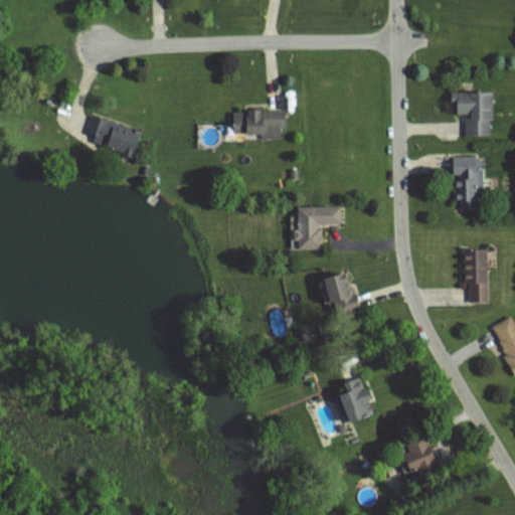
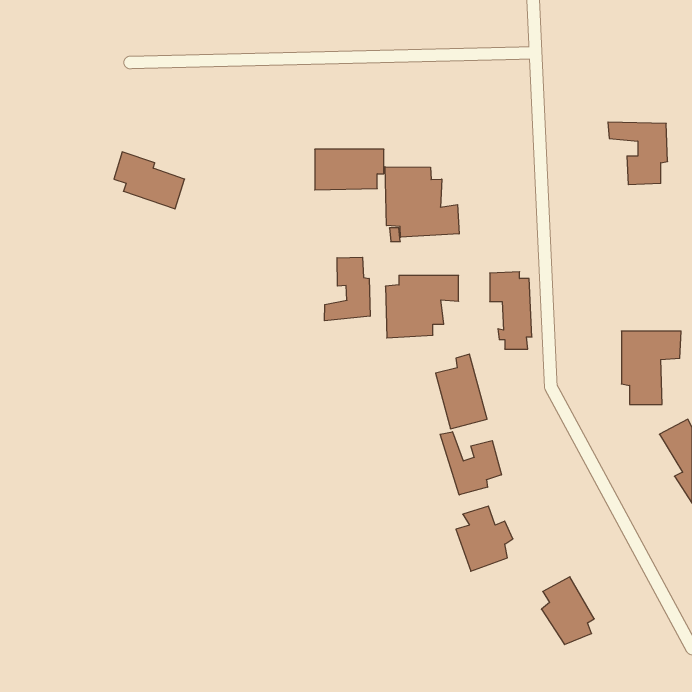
building: none -> [385,167,459,237]
building: [449,152,480,209] -> [490,272,532,349]
building: none -> [325,257,370,321]
building: none -> [440,432,501,495]

